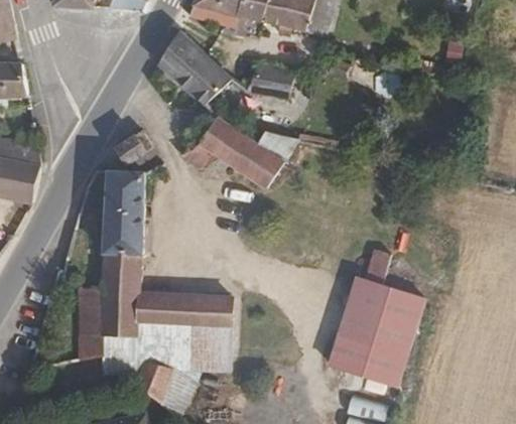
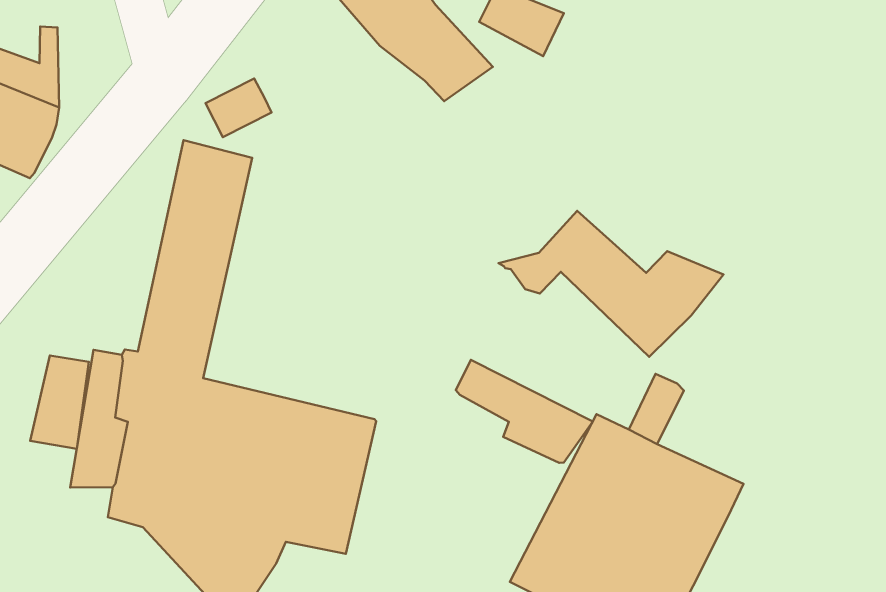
building: [178,119,296,188] -> [498,211,723,357]
building: none -> [456,360,593,463]
building: none -> [30,356,89,449]

